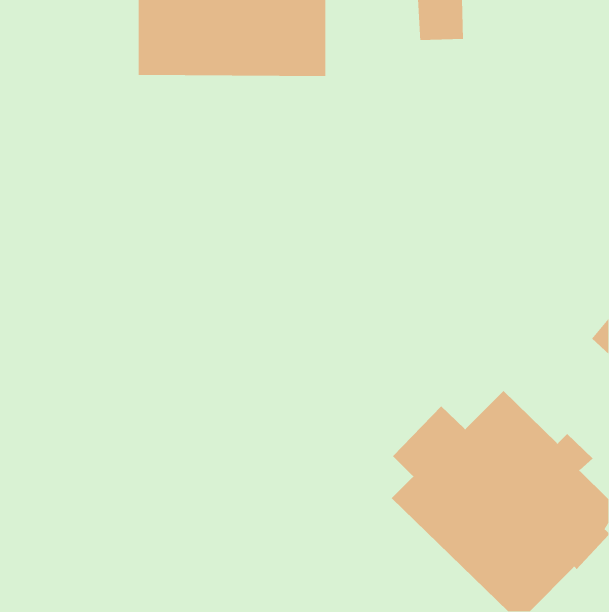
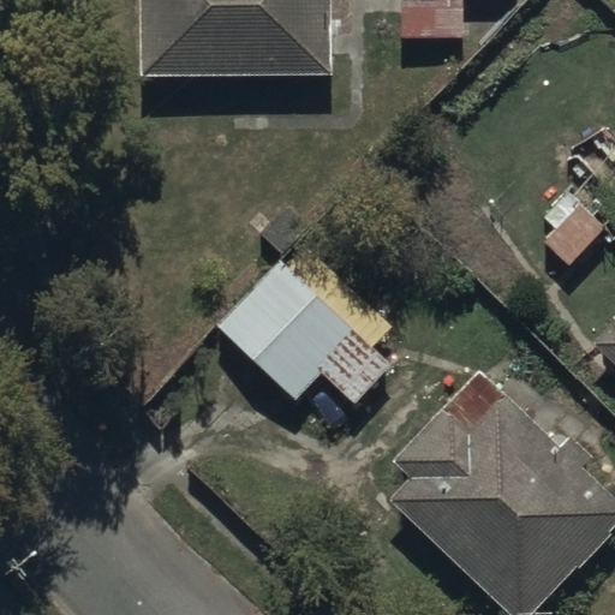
building: none -> [215,240,392,406]

